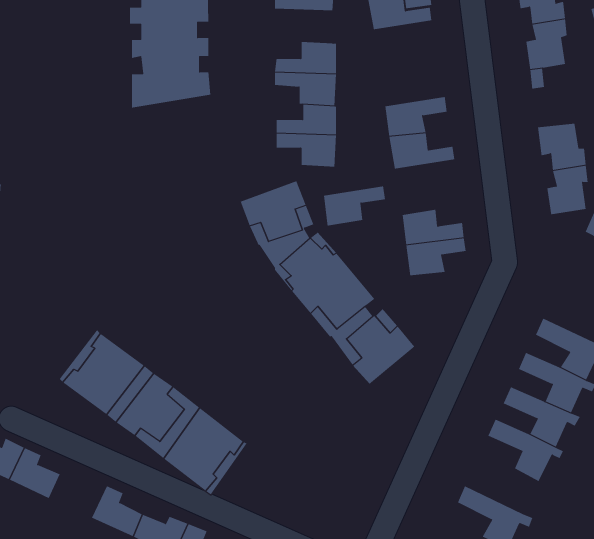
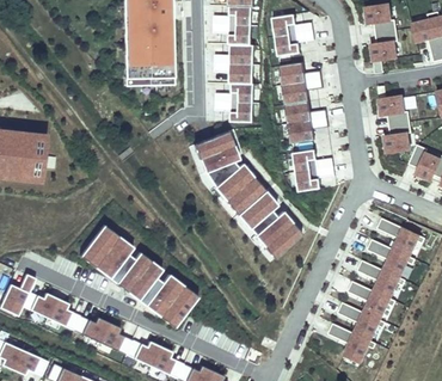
building: none -> [213,24,251,45]
building: none -> [276,31,314,56]
building: none -> [280,62,321,85]
building: [323,186,386,226] -> [289,118,329,143]
building: none -> [338,302,386,340]
building: none -> [73,315,109,343]

